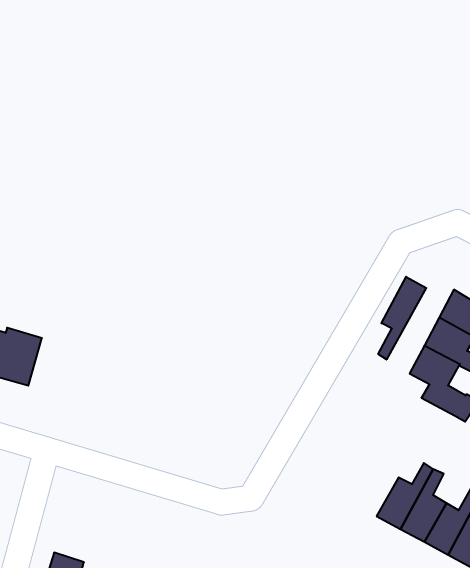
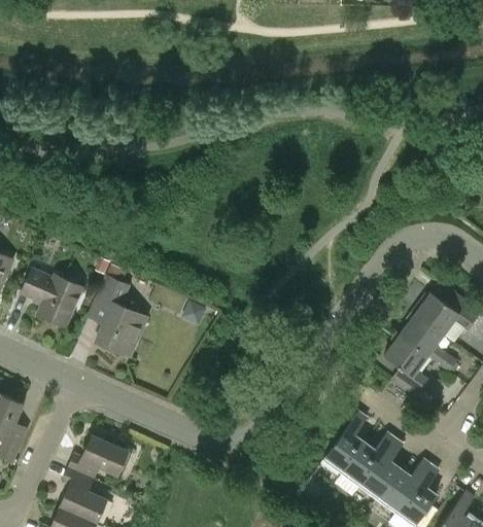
building: [378,277,426,360] -> none
building: none -> [88,264,145,356]
building: none -> [323,413,366,472]
building: none -> [68,435,127,479]

